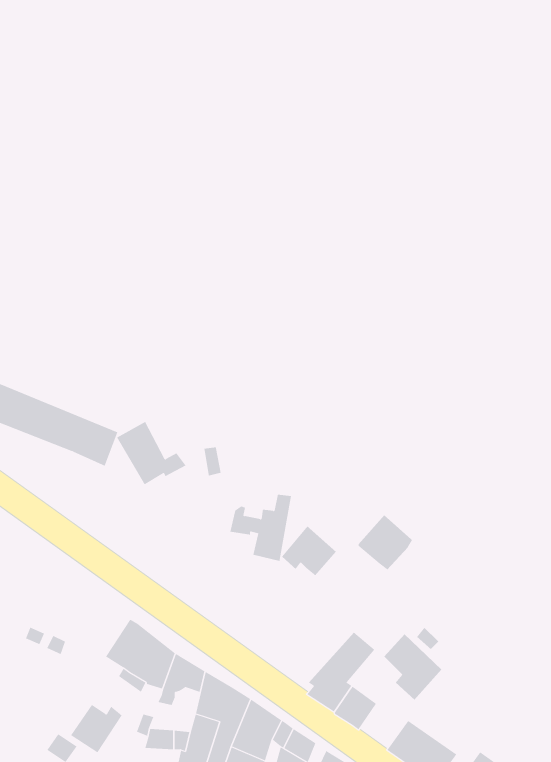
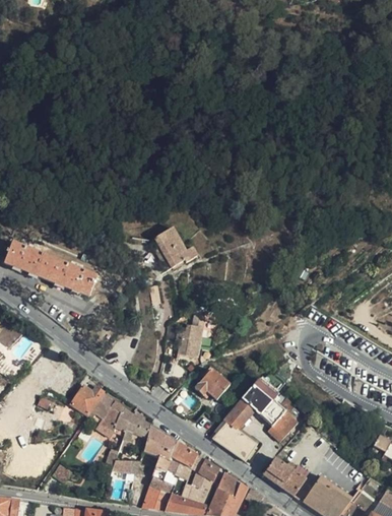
building: [116,421,187,485] -> [154,228,198,267]
building: [358,515,414,570] -> [243,381,277,415]
building: [281,526,337,576] -> [195,369,230,400]
building: [70,704,122,753] -> [71,385,104,415]

